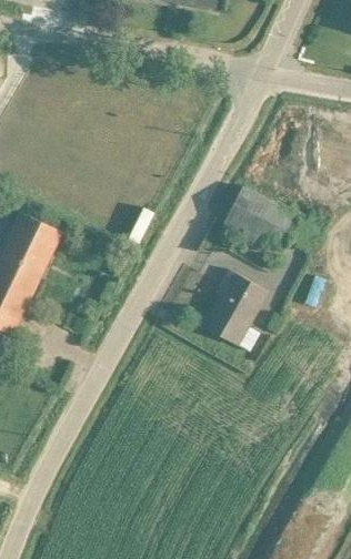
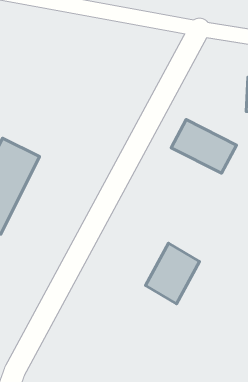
building: [203,268,271,345] -> [146,243,199,304]

